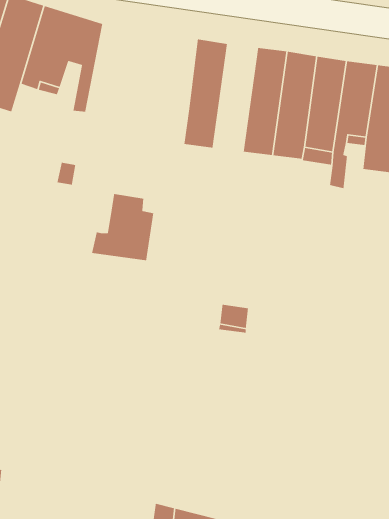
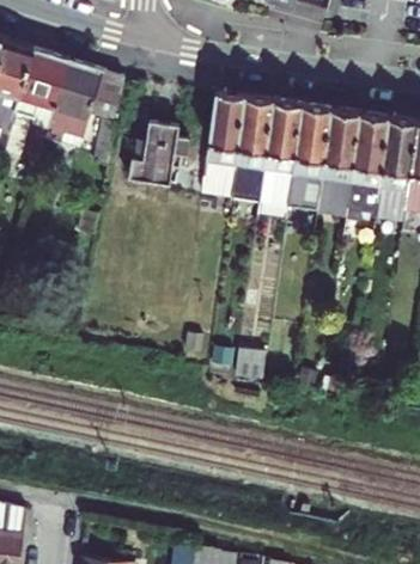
building: none -> [230,96,273,201]
building: [91,193,154,261] -> [127,121,188,186]

